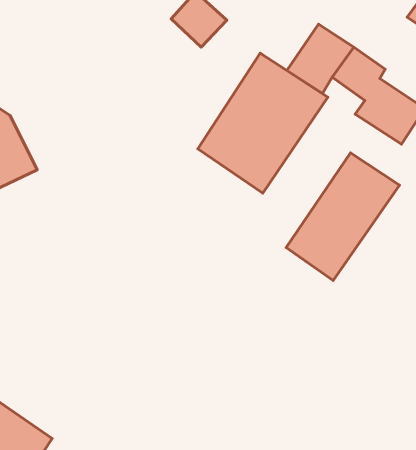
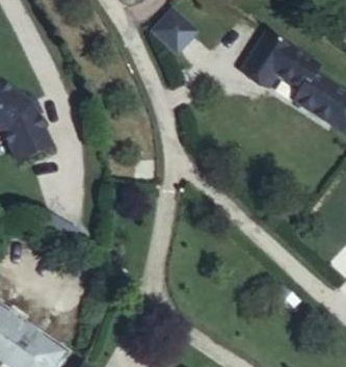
building: [198,53,328,193] -> none
building: [286,153,400,281] -> none

